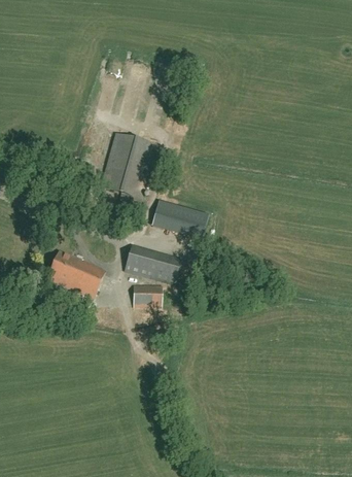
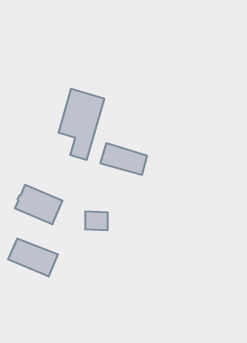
building: [124,244,181,284] -> none
building: none -> [8,238,58,277]

